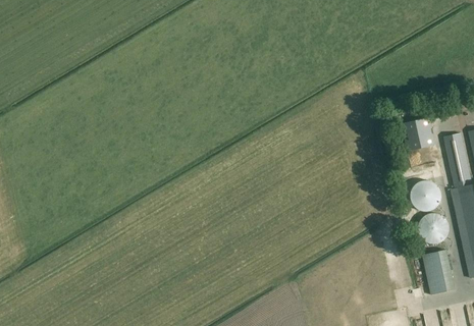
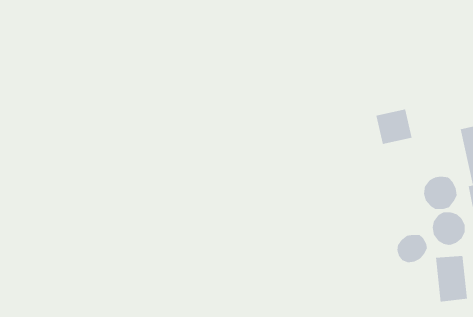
building: [403,118,436,151] -> [376,109,412,144]
building: none -> [397,234,427,263]

